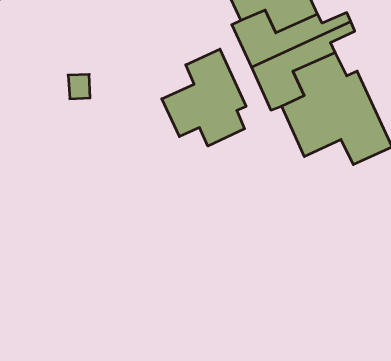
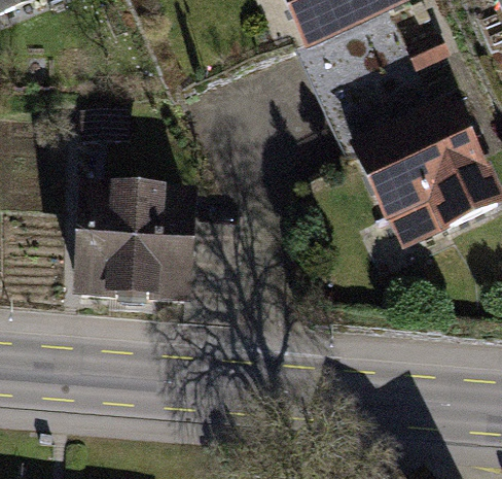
building: [162,49,246,146] -> none
building: none -> [82,195,190,298]

